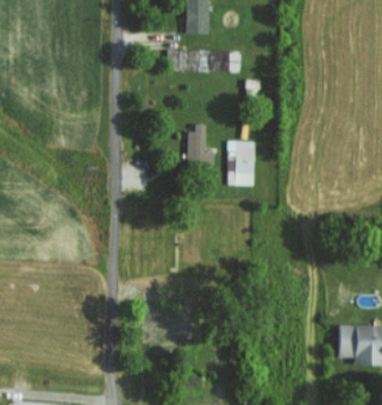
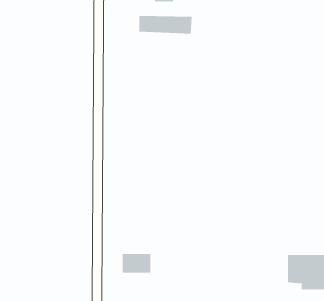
building: [188,124,214,167] -> none
building: [227,142,255,186] -> none

